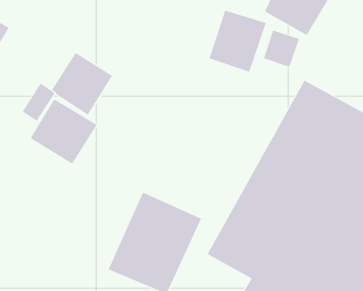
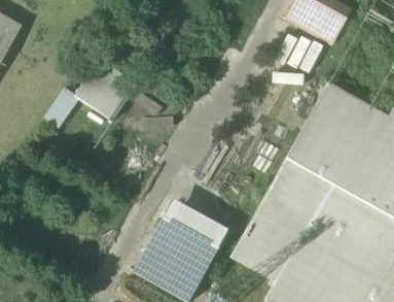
building: [209,10,266,72] -> none
building: [30,99,98,165] -> none

